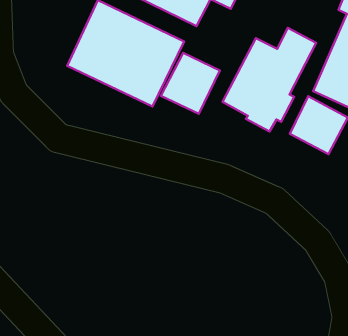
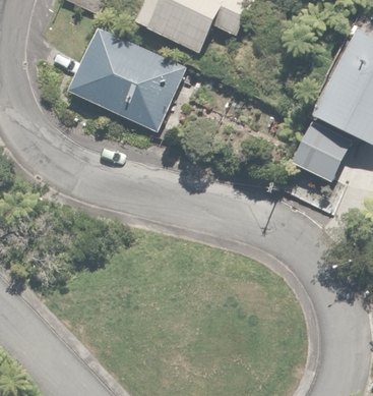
building: [222,28,316,131] -> none
building: [161,53,220,114] -> none

